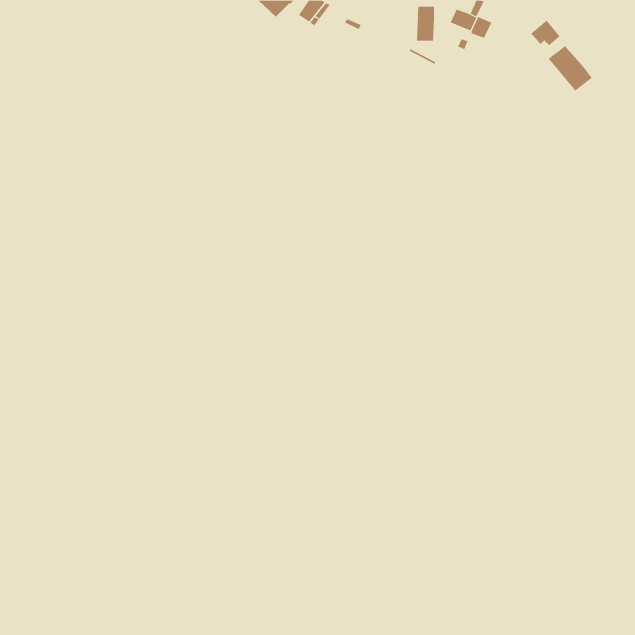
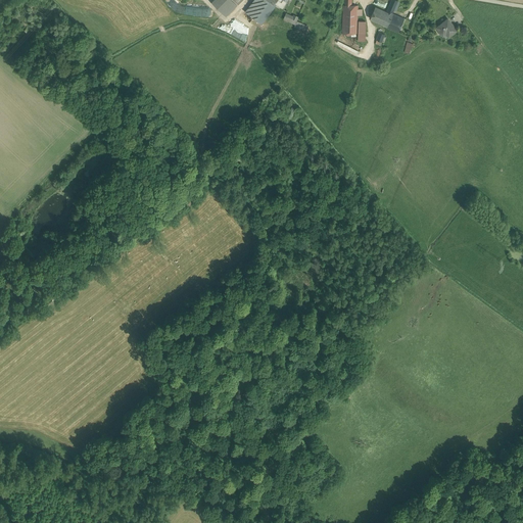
building: [548,45,592,91] -> none

